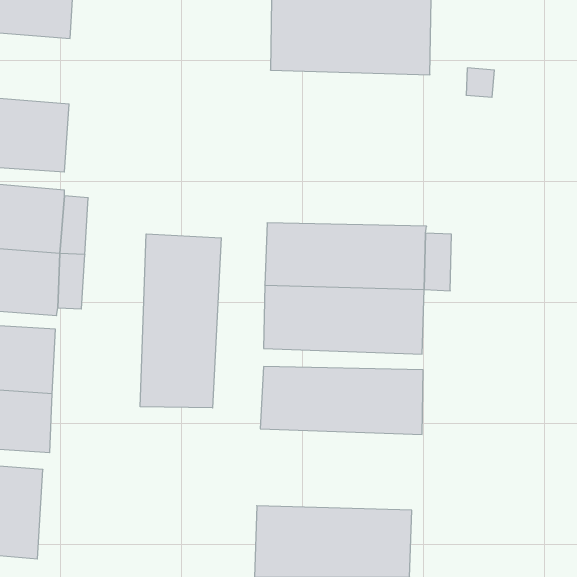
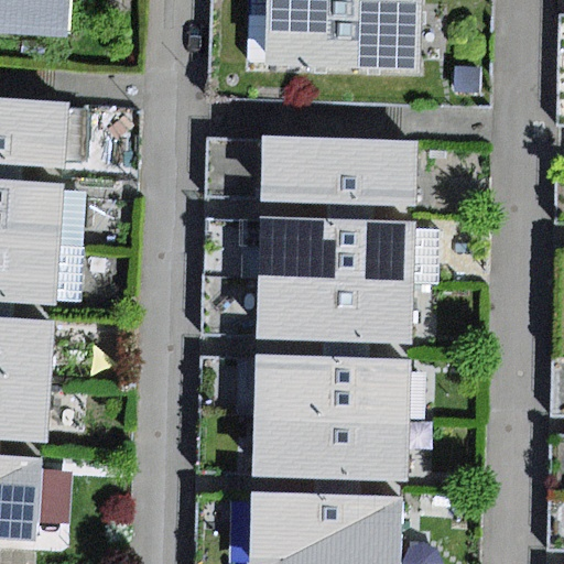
building: none -> [260,135,416,207]
building: [140,234,221,408] -> none
building: none -> [251,417,411,481]

